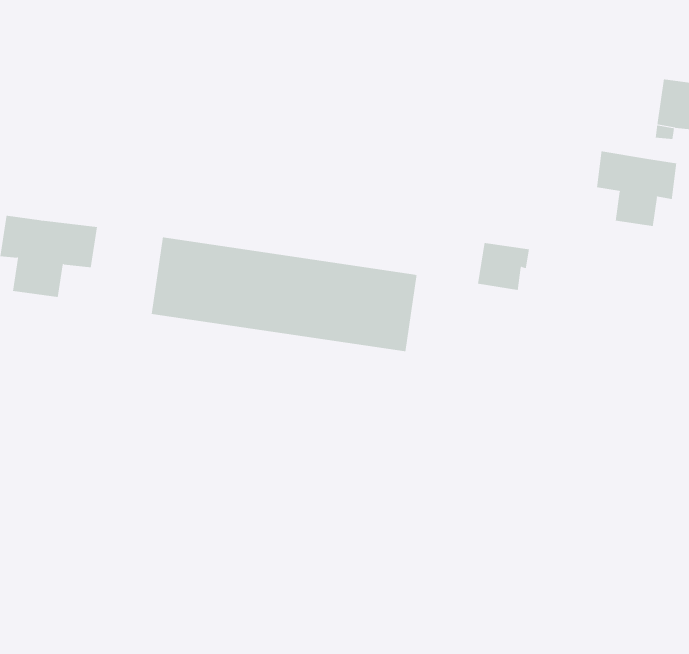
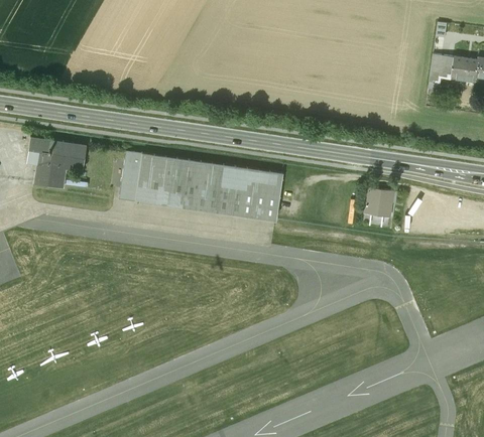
building: [596,150,677,227] -> none
building: [477,243,530,290] -> [364,188,396,217]

